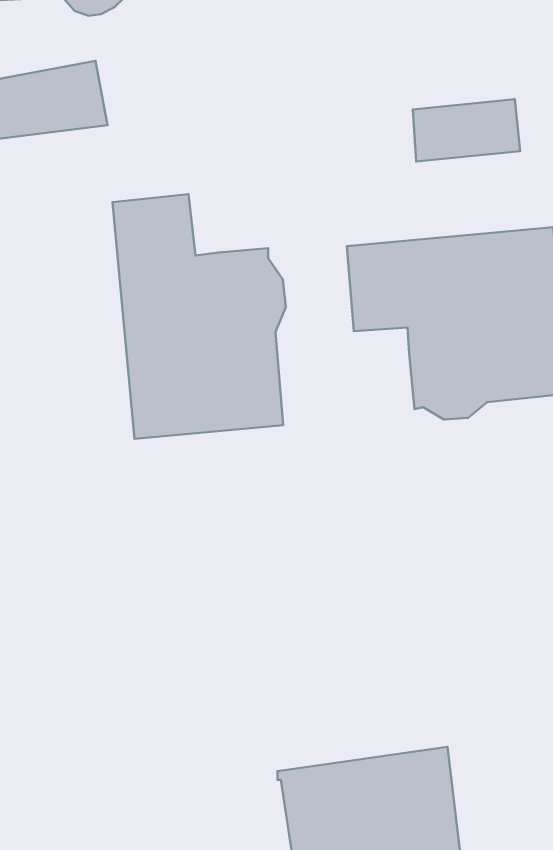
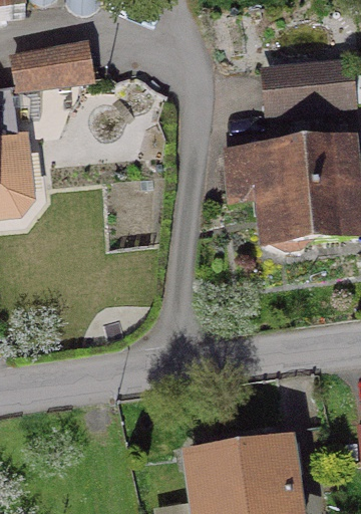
building: [113,194,286,439] -> none

